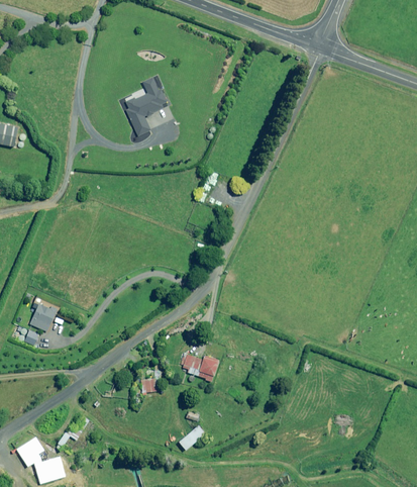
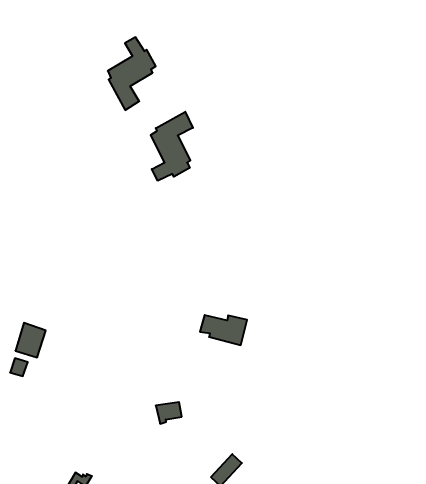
building: none -> [151,112,193,181]
building: [180,353,219,380] -> [200,315,247,345]

